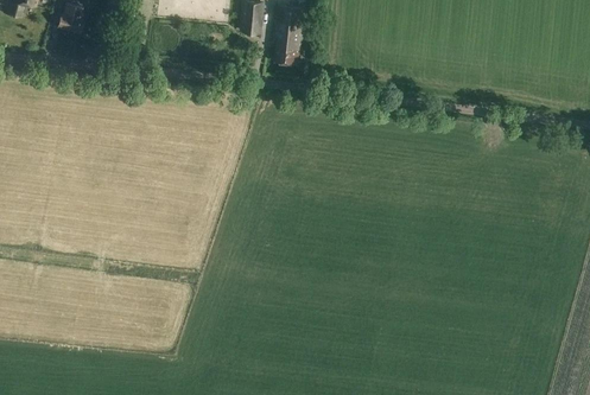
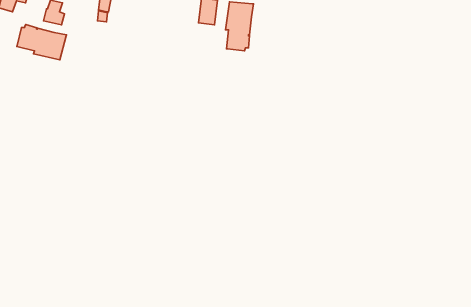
building: none -> [17,25,67,60]

